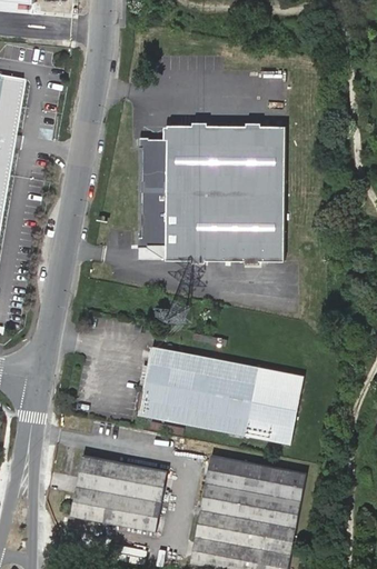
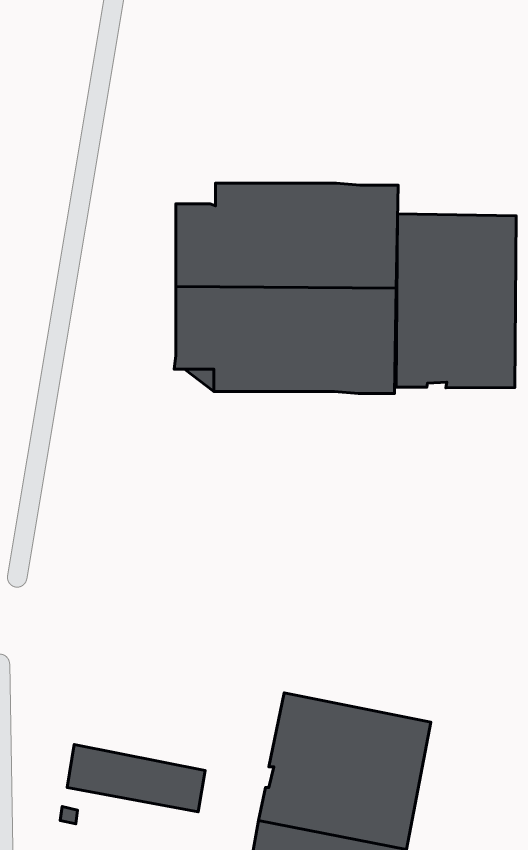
building: none -> [396,214,516,388]
building: [138,339,305,446] -> none
building: [76,456,167,506] -> none

